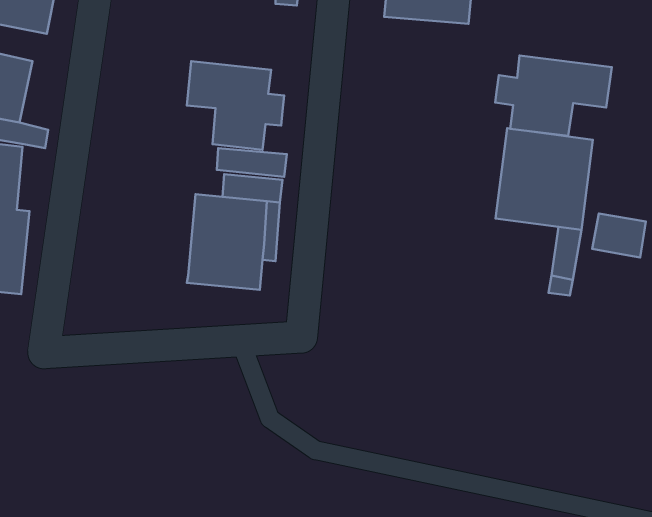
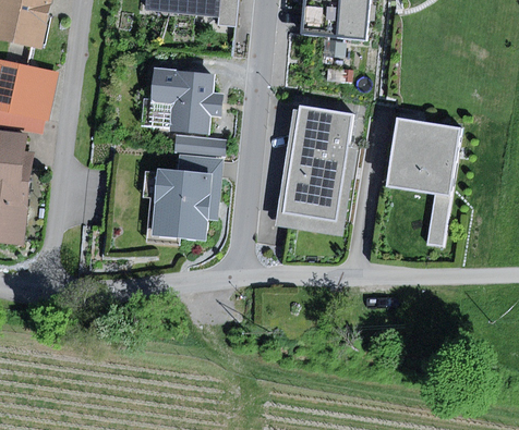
building: [495,55,612,136] -> none
building: none -> [22,67,57,120]
building: none -> [282,107,350,220]
building: [592,213,646,257] -> none

